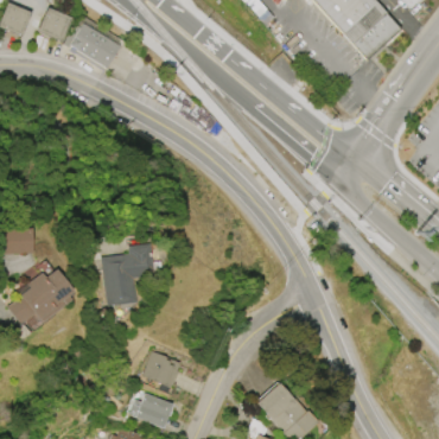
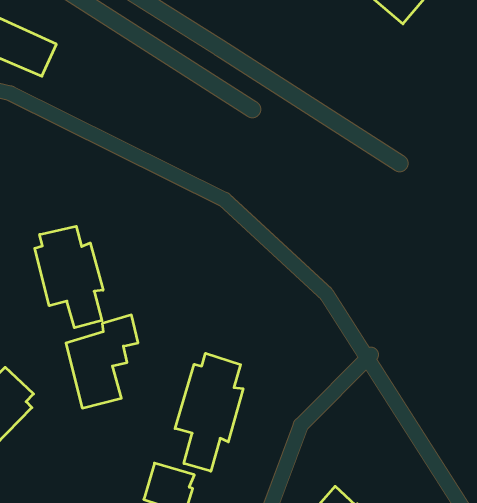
building: none -> [35,226,103,328]
building: none -> [175,353,243,471]

